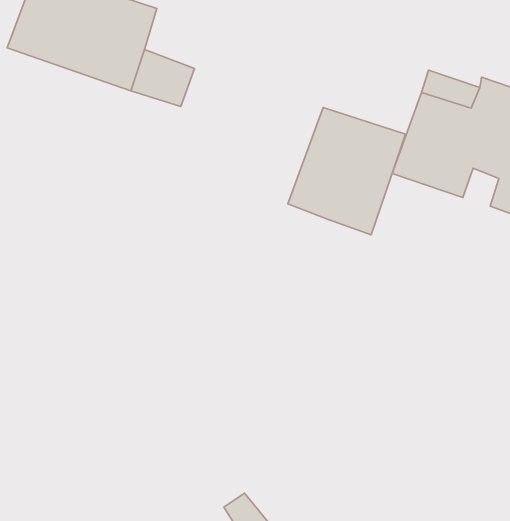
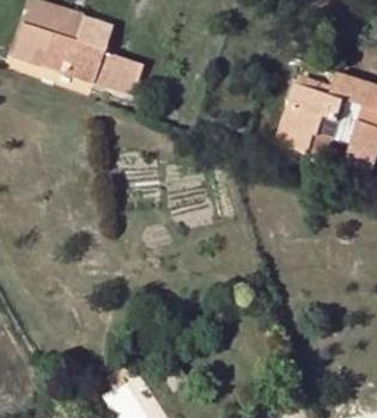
building: [288,108,406,235] -> none

